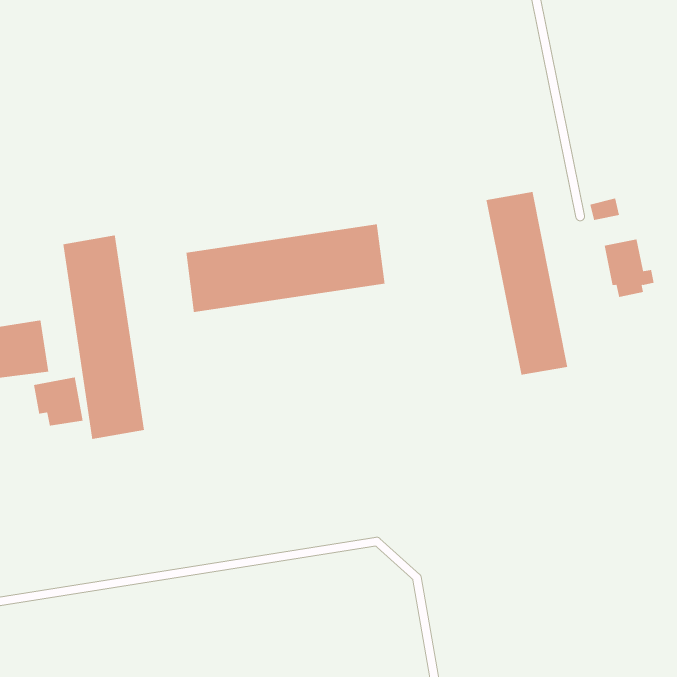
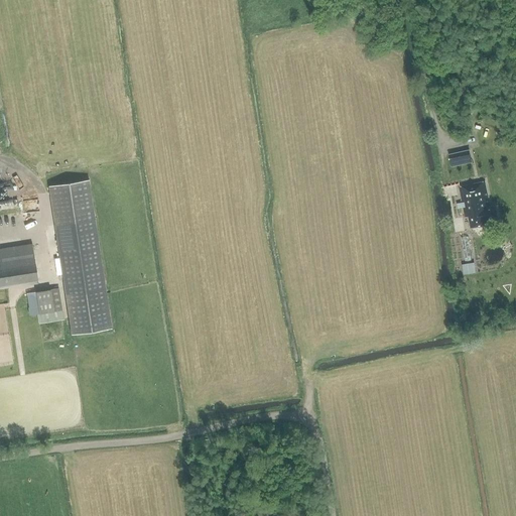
building: [486,191,568,376] -> none
building: [186,224,385,313] -> none

